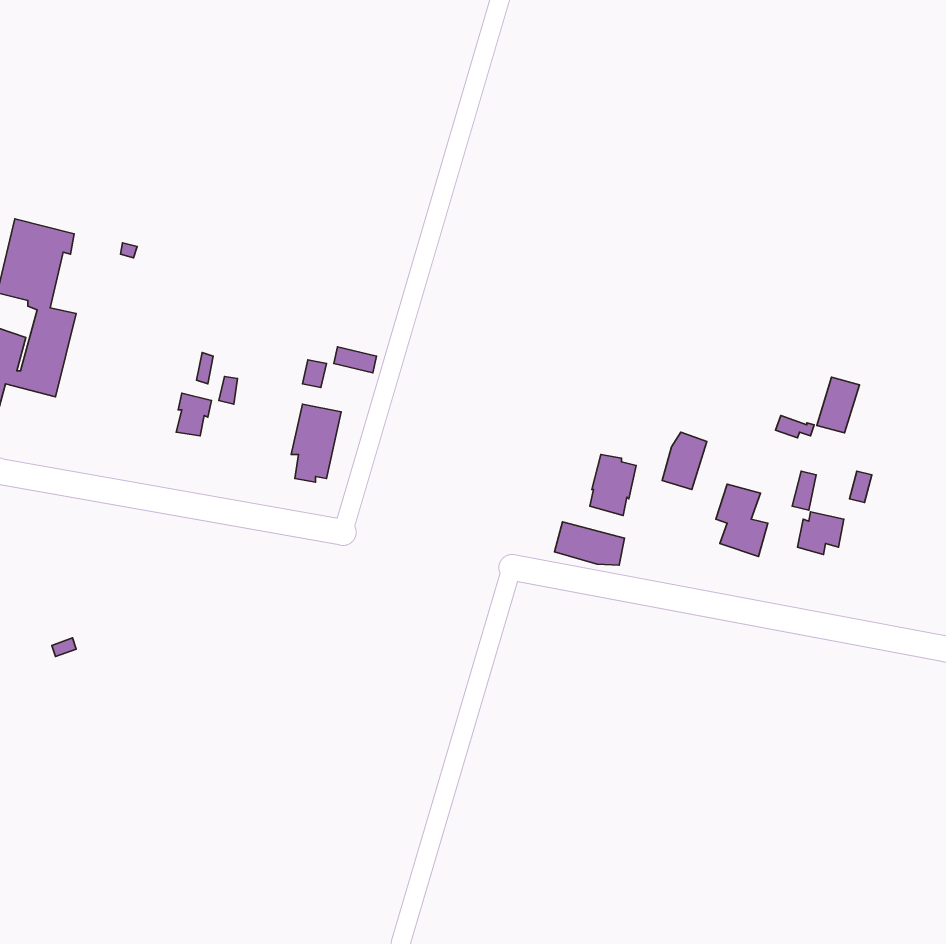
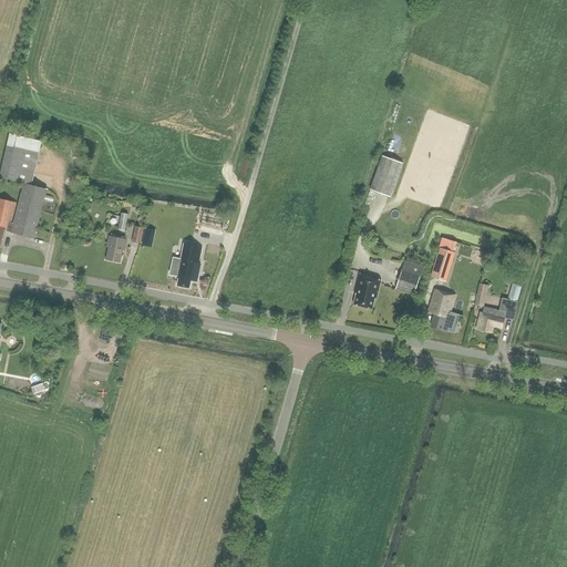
building: none -> [369,153,402,195]
building: [817,377,859,433] -> [429,246,454,279]
building: [555,522,625,565] -> none

